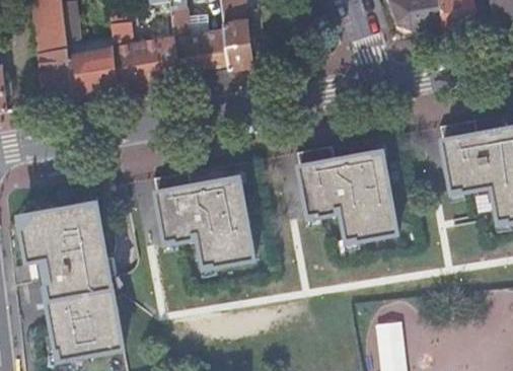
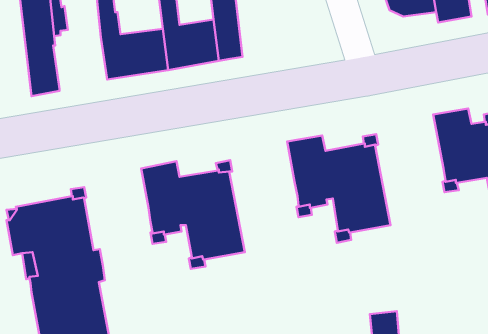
building: [68,43,121,98] -> none

